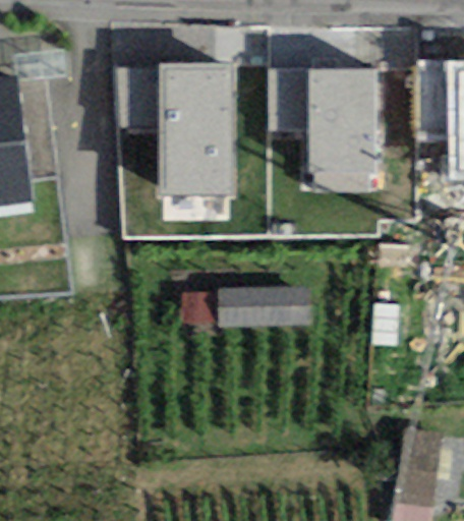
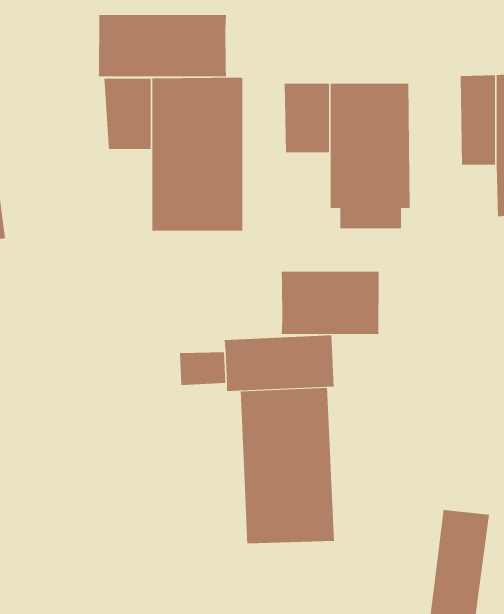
building: none -> [99,14,227,77]
building: none -> [281,271,379,335]
building: none -> [240,387,334,544]

